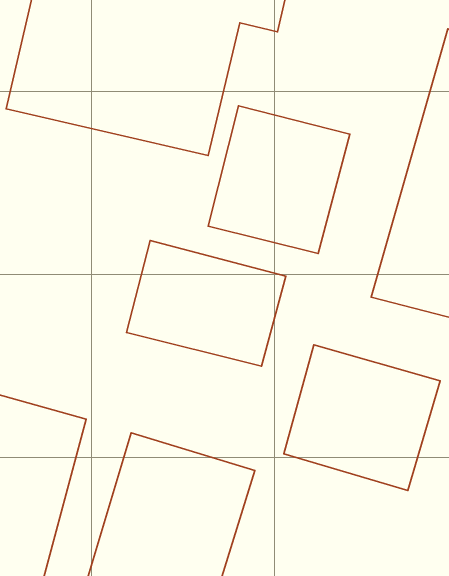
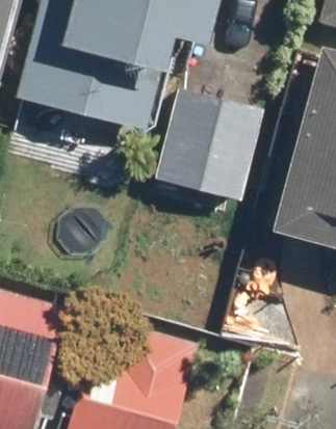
building: [126,241,286,366] -> none
building: [284,345,440,490] -> none

